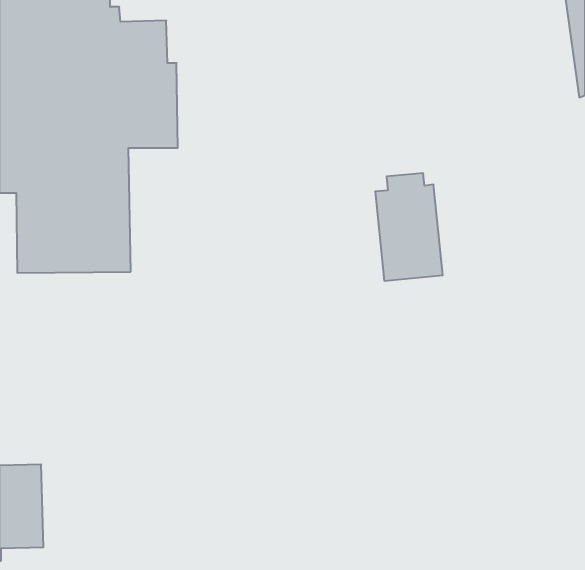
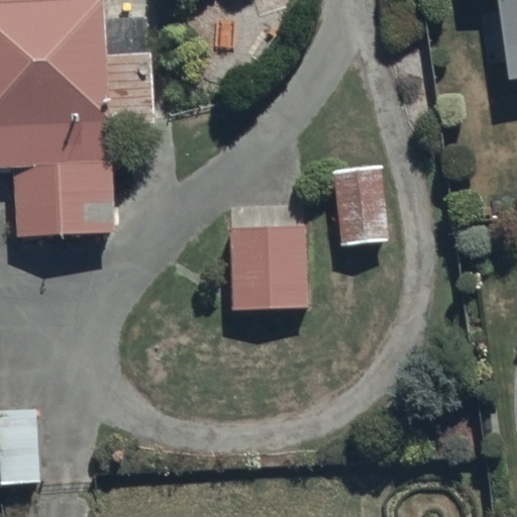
building: none -> [230,225,306,307]

